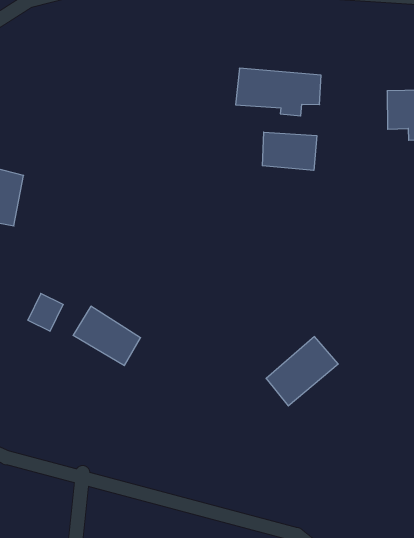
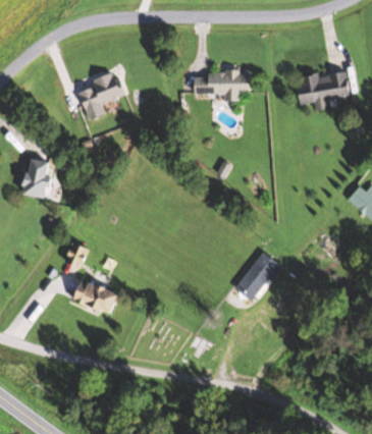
building: none -> [79,71,123,119]
building: [262,132,317,170] -> none
building: [73,306,141,366] -> [72,277,119,316]

